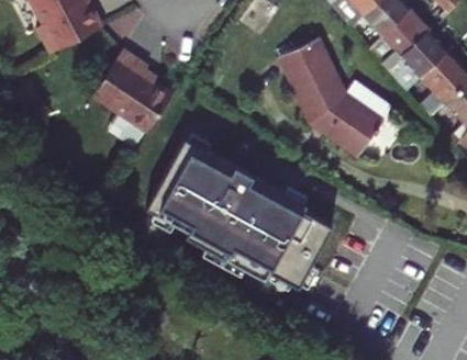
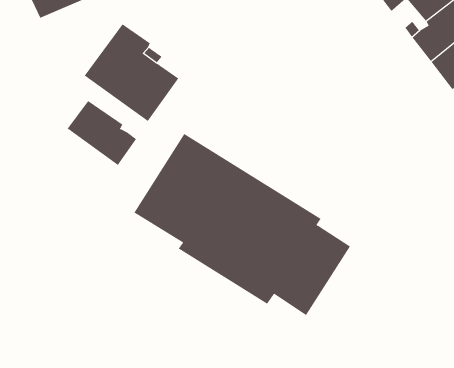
building: [282,38,387,155] -> none
building: none -> [67,100,137,166]

